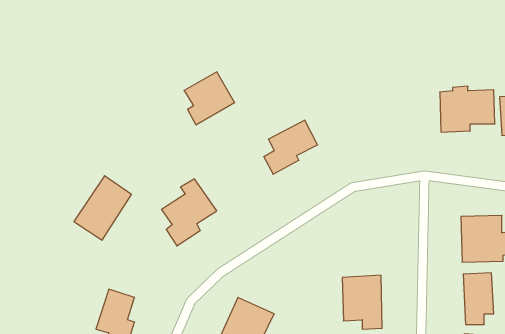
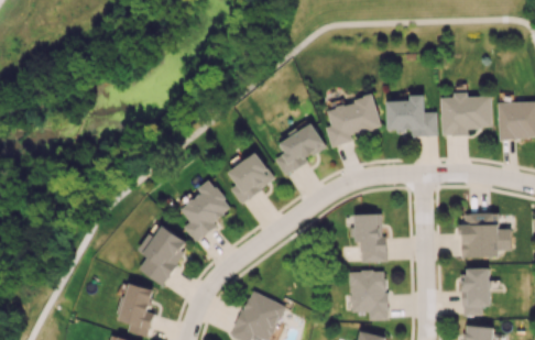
building: [184,72,235,125] -> [228,153,275,202]
building: none -> [386,95,437,136]
building: none -> [326,96,381,147]
building: [74,176,131,240] -> [135,226,189,286]
building: none -> [353,213,386,262]

